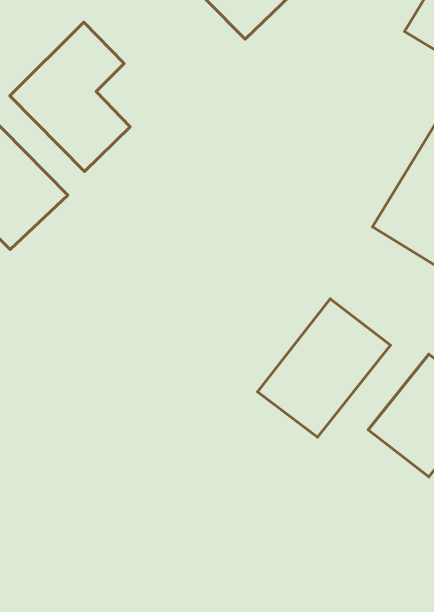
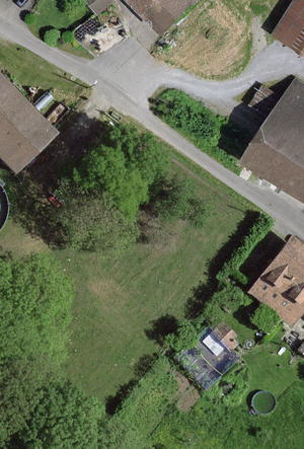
building: [10,22,130,171] -> none
building: [257,299,391,437] -> none

